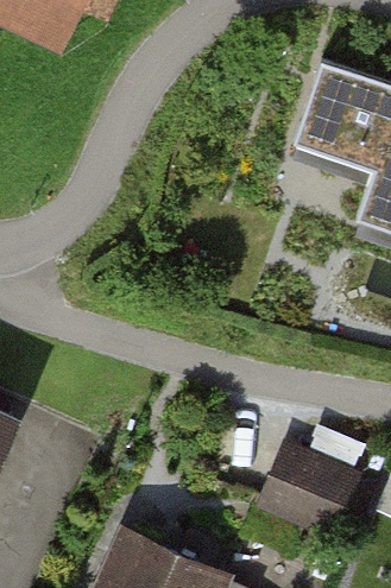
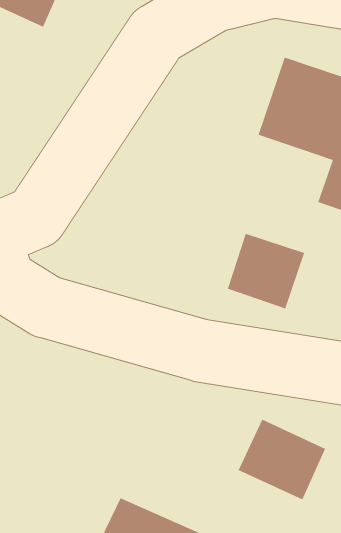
building: none -> [227,233,305,309]

